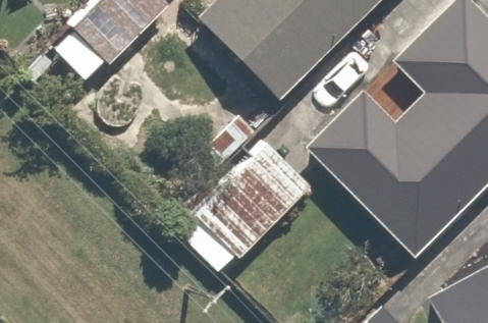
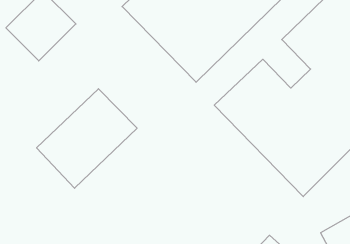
building: [189,140,314,263] -> [37,89,137,188]

